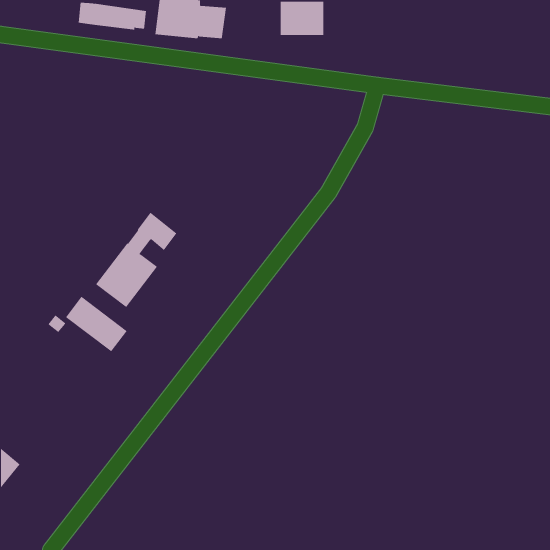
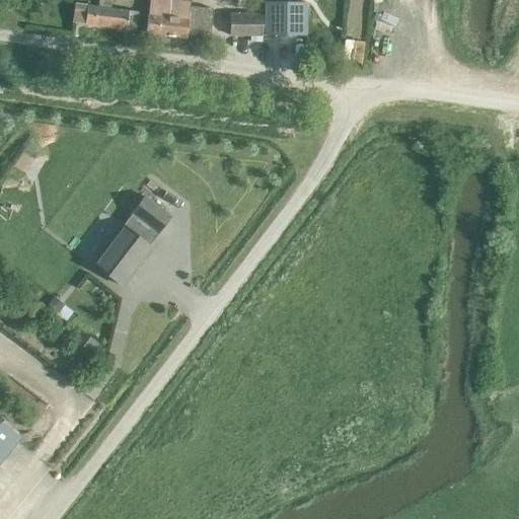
building: none -> [231,13,263,40]
building: [65,296,127,352] -> none

